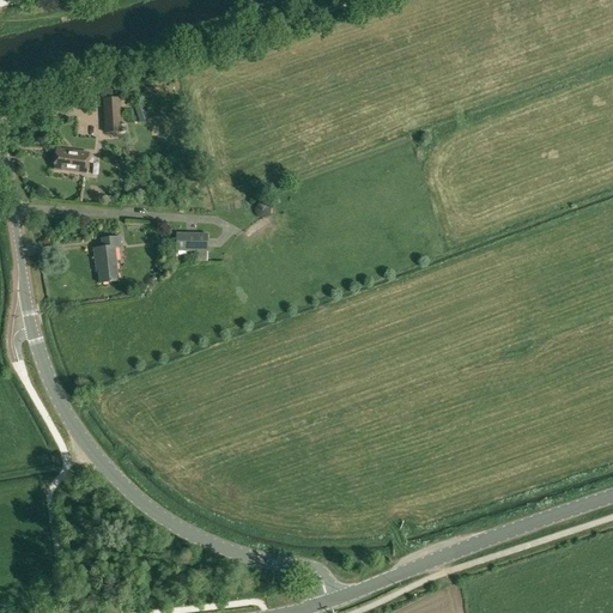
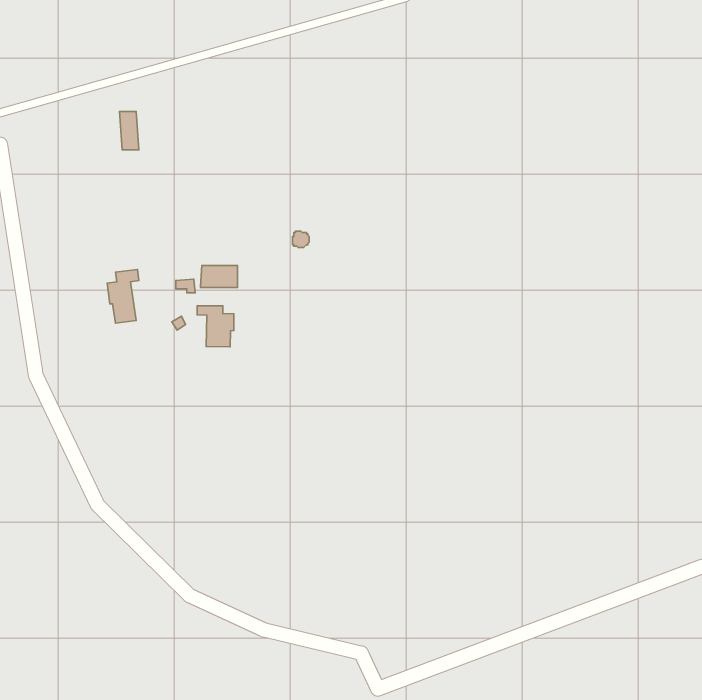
building: [54,147,89,171] -> none
building: none -> [197,306,234,347]

